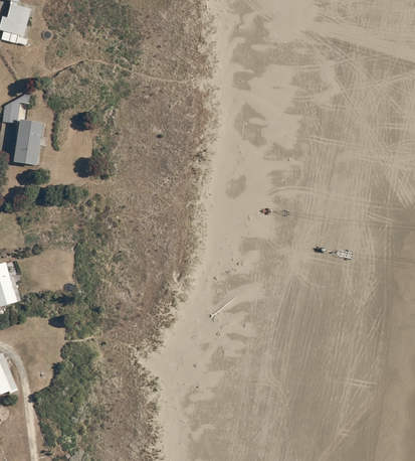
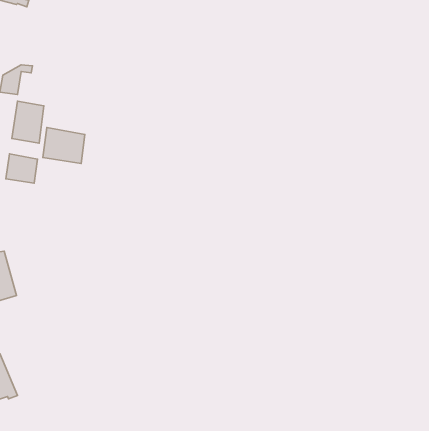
building: none -> [43,127,85,163]
building: none -> [6,154,37,183]

